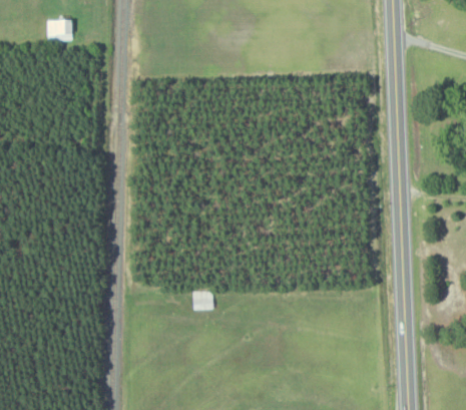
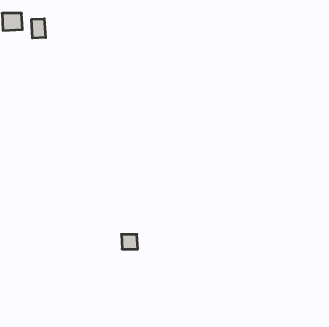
building: none -> [32,19,46,38]

